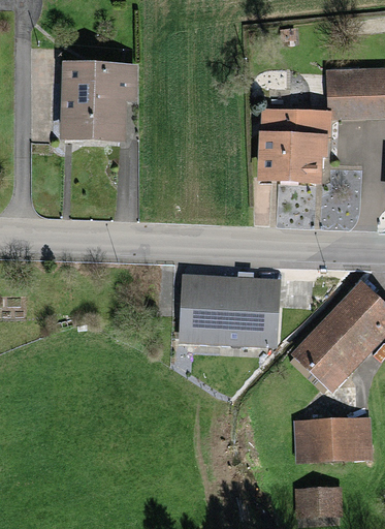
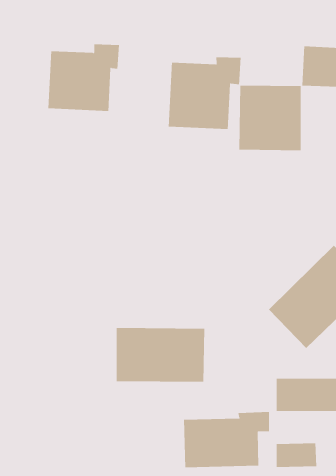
building: none -> [168,57,241,130]
building: [182,283,276,341] -> [116,327,205,382]
building: none -> [184,411,269,468]

